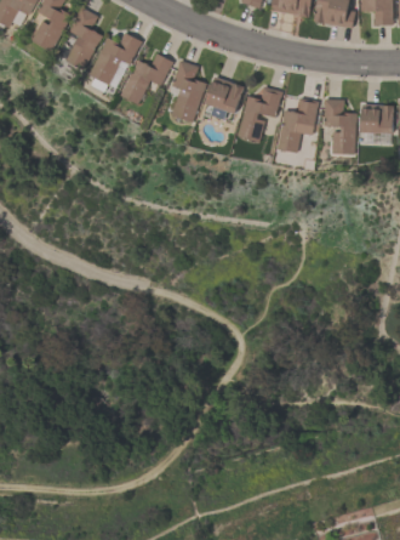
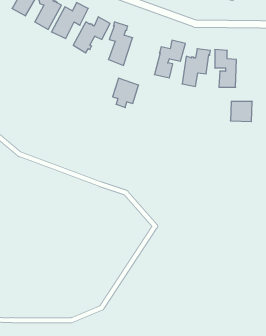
building: [206,76,244,119] -> [113,78,139,108]
building: [361,104,393,133] -> [230,101,252,122]

